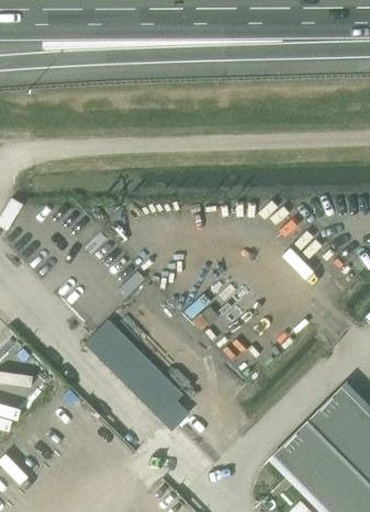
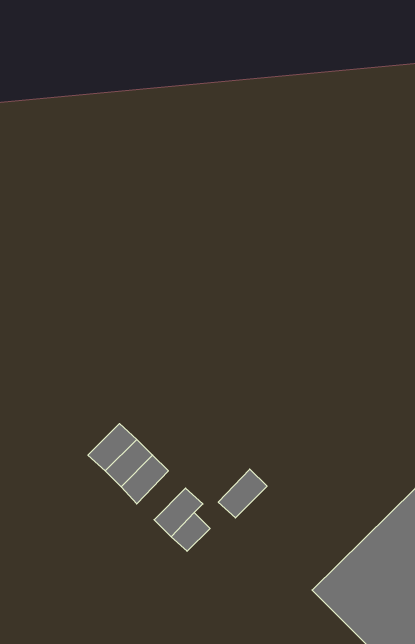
building: [85,320,121,357] -> none
building: [134,369,171,407] -> [218,469,267,518]

